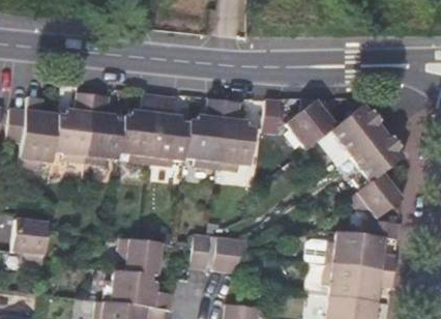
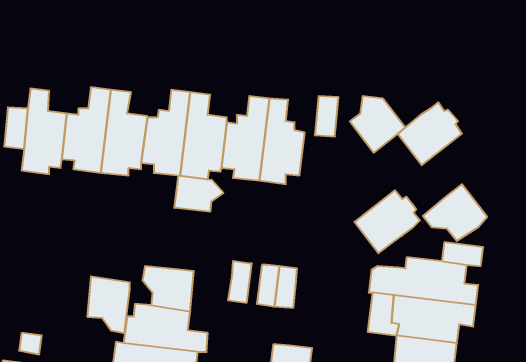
building: [349,131,403,182] -> [354,190,420,253]
building: none -> [174,176,223,212]
building: [11,219,47,265] -> [87,276,130,333]

